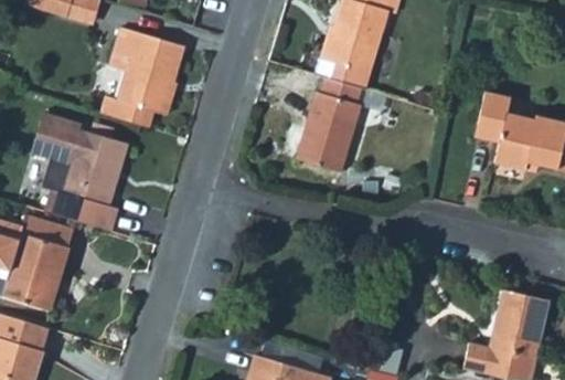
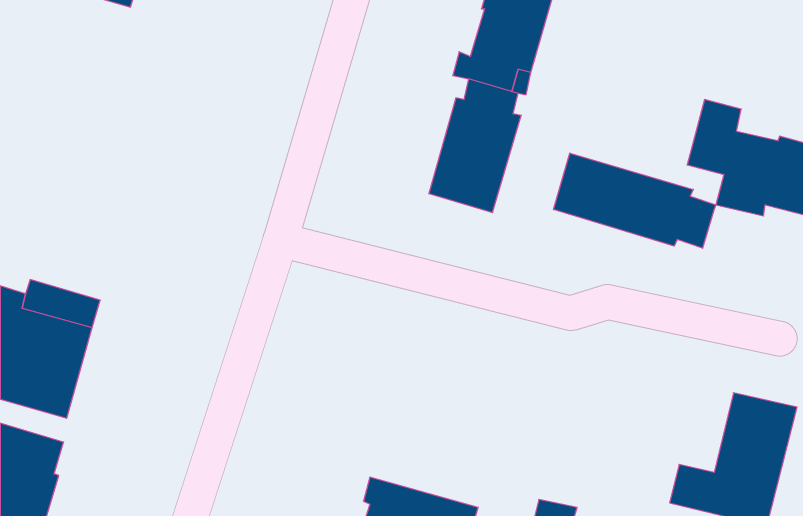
building: [100,29,179,128] -> none
building: [30,118,126,233] -> none
building: none -> [554,153,716,248]

